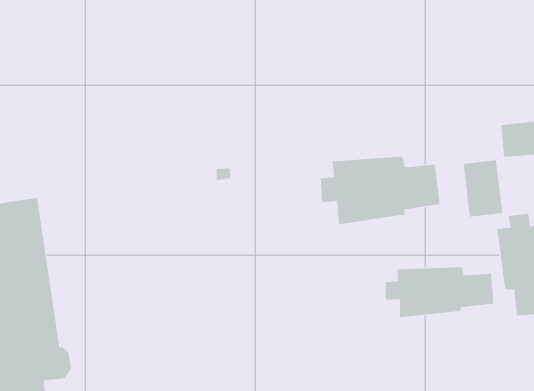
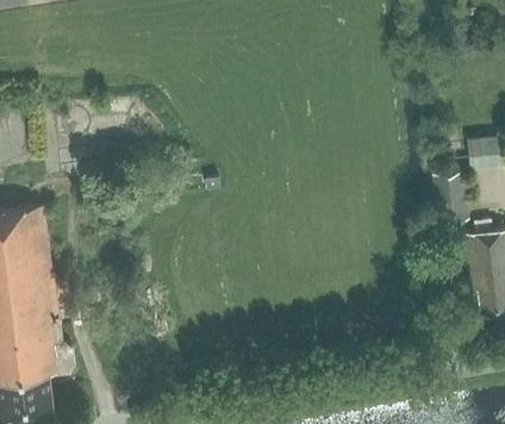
building: [320,156,440,225] -> none
building: [385,267,494,318] -> none

